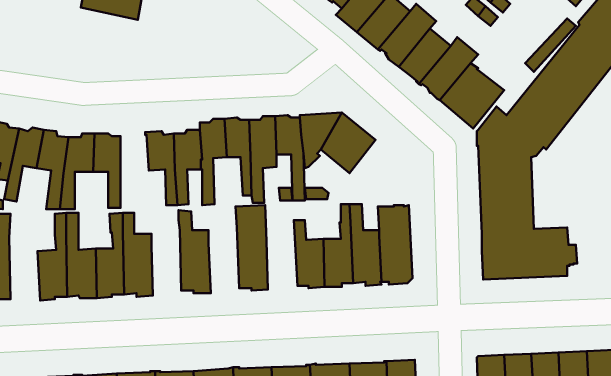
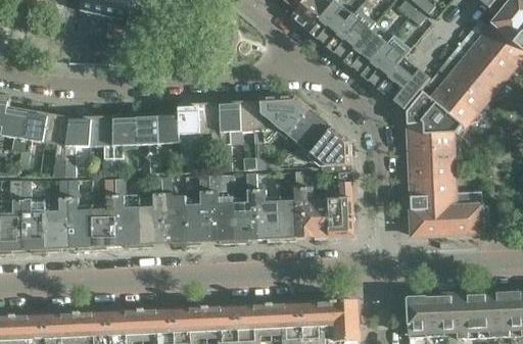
building: none -> [112,112,136,175]
building: none -> [301,118,350,170]
building: none -> [233,173,258,242]
building: none -> [185,174,210,245]
building: none -> [20,180,46,252]
building: none -> [138,193,162,247]

